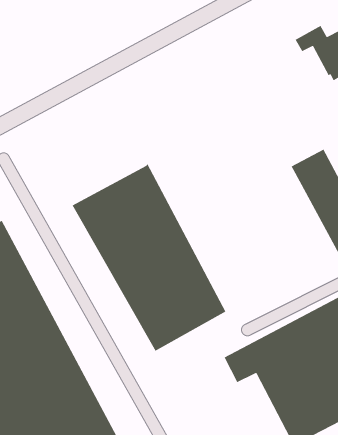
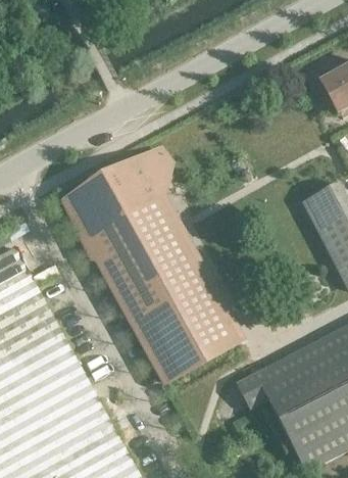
building: none -> [71,150,171,238]

